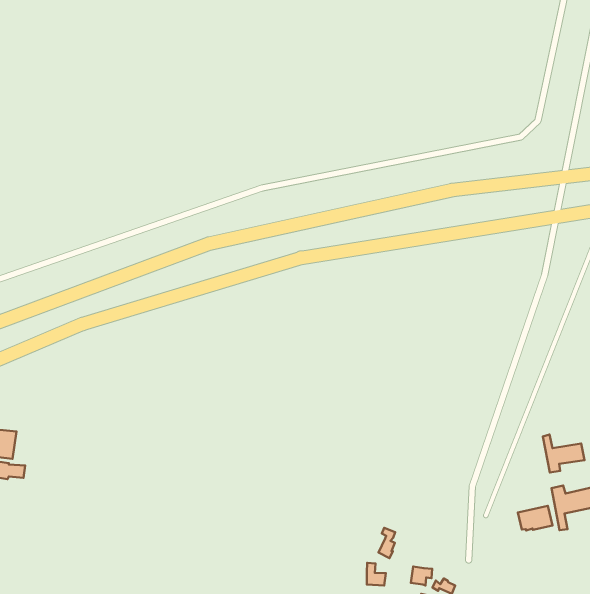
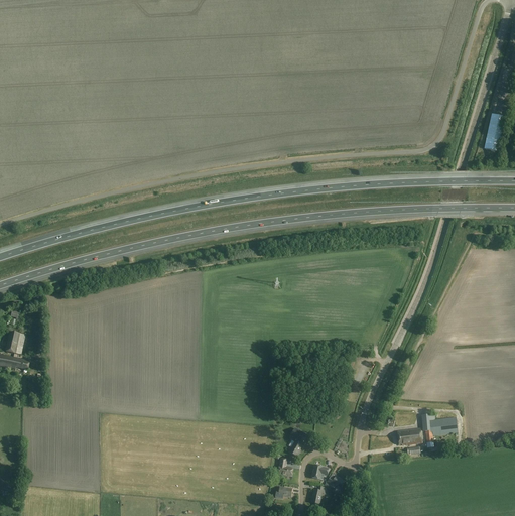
building: [543,435,585,473] -> none

